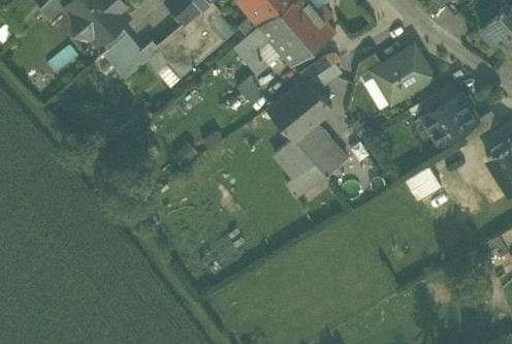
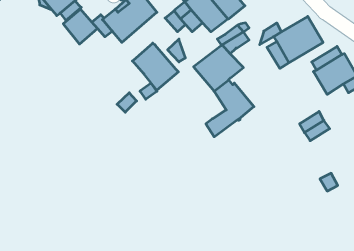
building: none -> [132,43,178,90]
building: [278,139,311,175] -> none

